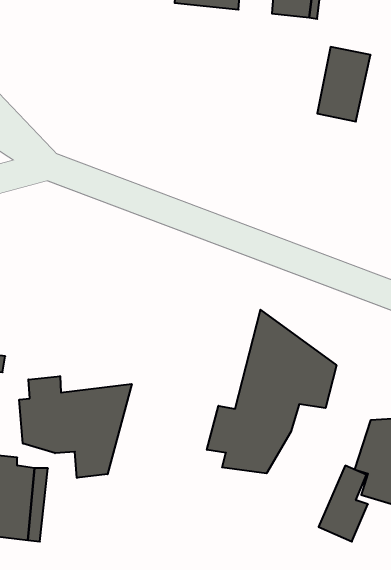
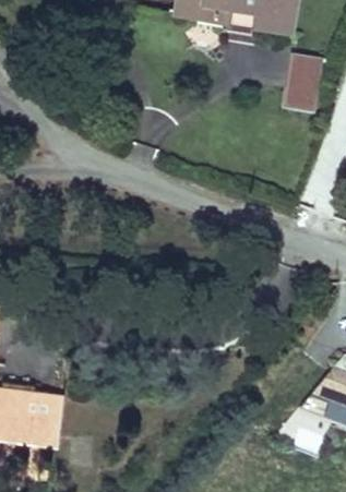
building: [207,310,336,473] -> none
building: [19,376,132,478] -> none

